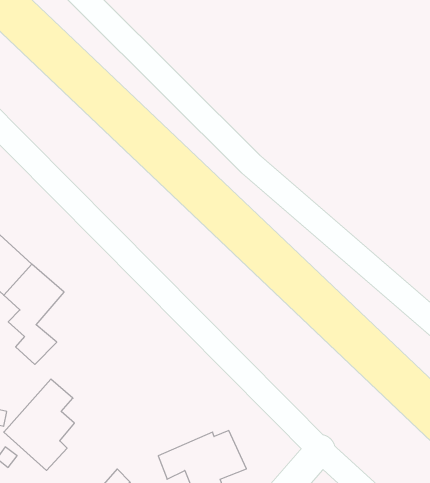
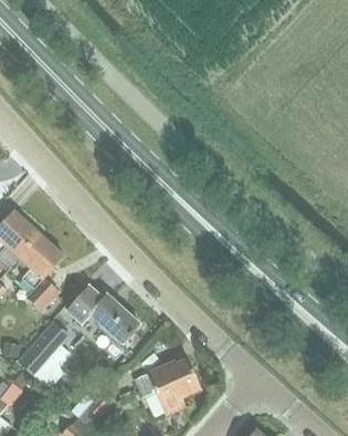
building: none -> [64,284,138,343]

